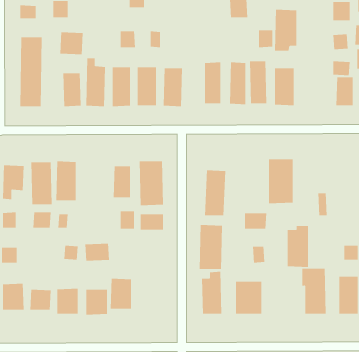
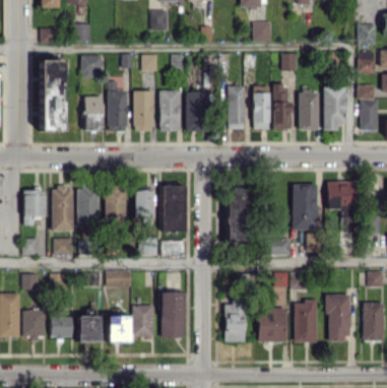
building: [274,9,297,51] -> [323,86,346,129]
building: none -> [327,181,358,208]
building: none -> [106,188,127,221]
building: [199,225,223,270] -> [162,292,186,337]
building: [287,225,309,267] -> [295,300,317,342]

